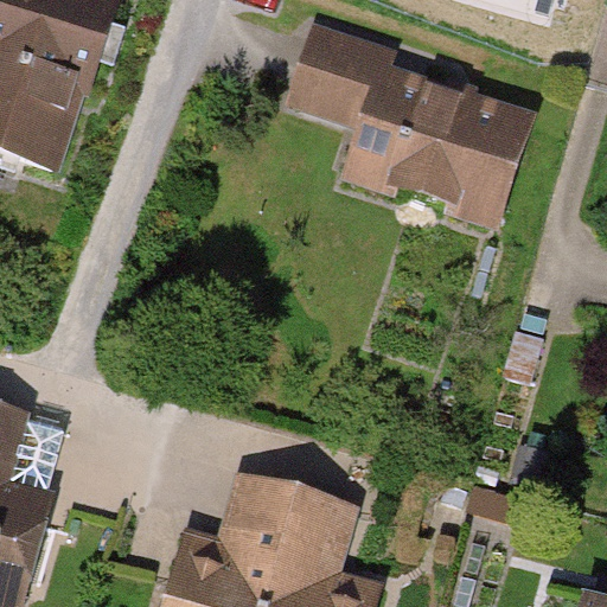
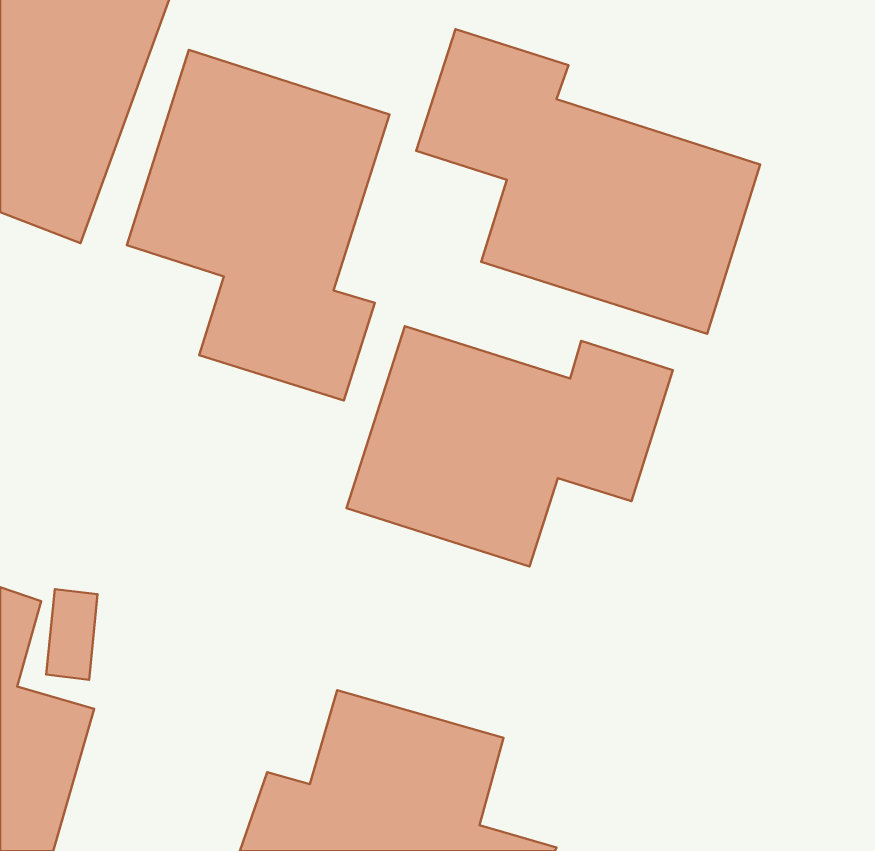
building: none -> [127,50,389,400]
building: none -> [346,326,673,566]

